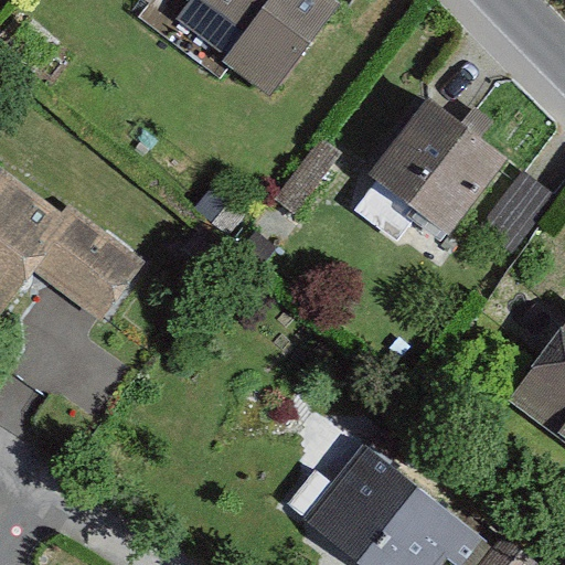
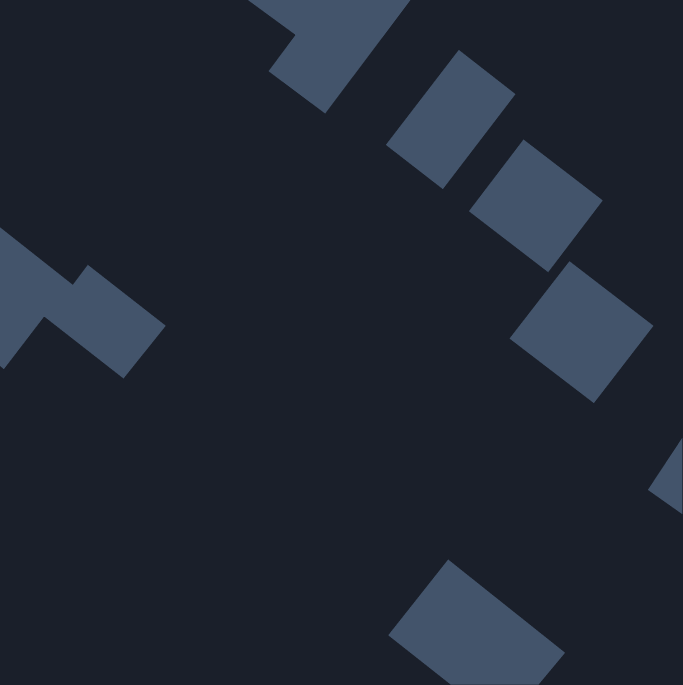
building: none -> [385,49,517,190]
building: none -> [509,260,655,404]

